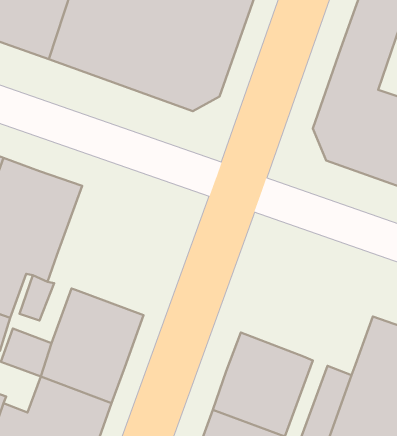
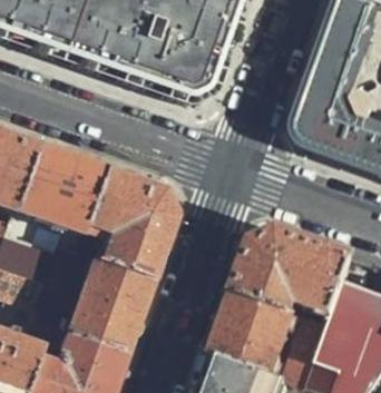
building: none -> [81,166,175,274]
building: none -> [235,226,353,315]

